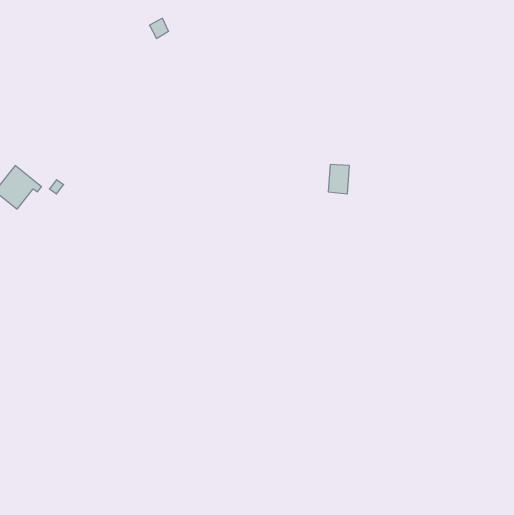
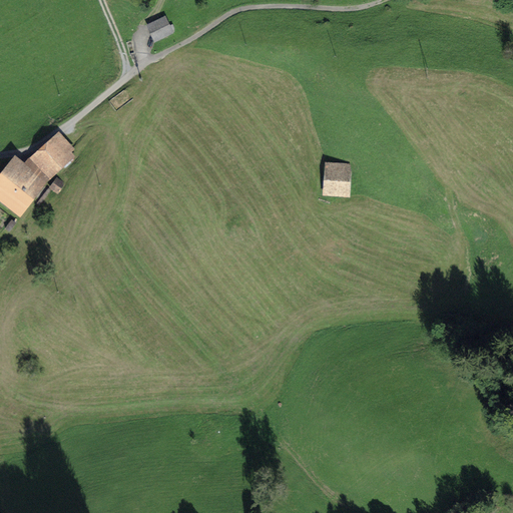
building: none -> [32,135,70,174]

